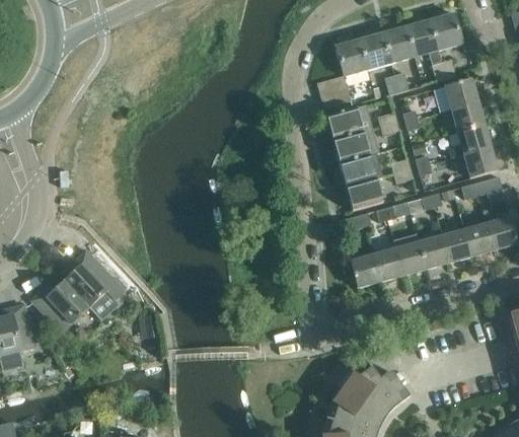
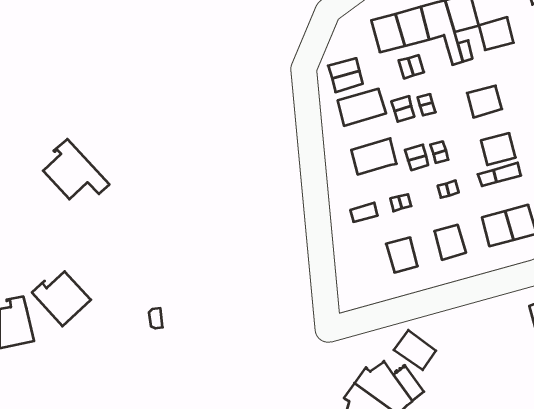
building: [336,39,367,75] -> none
building: [445,77,478,108] -> [479,17,514,50]
building: [450,124,492,157] -> none
building: [332,128,379,163] -> none
building: [346,177,383,210] -> none
building: [442,228,472,262] -> none
building: [393,233,427,275] -> none
building: [64,249,128,307] -> [43,139,109,199]
building: [350,253,381,287] -> none
building: none -> [394,330,436,370]

